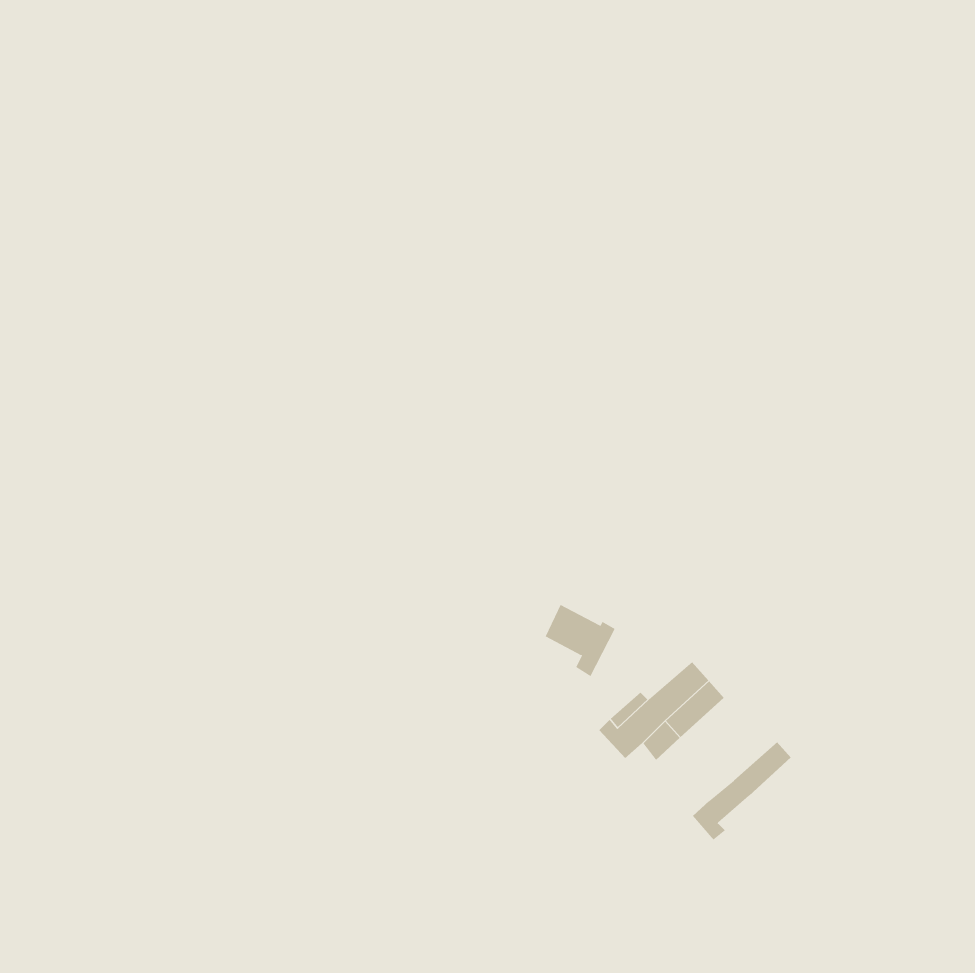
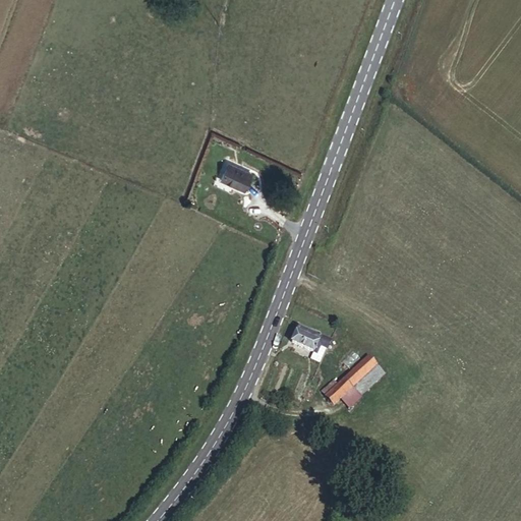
building: none -> [220,157,251,186]
building: [692,741,792,841] -> none

